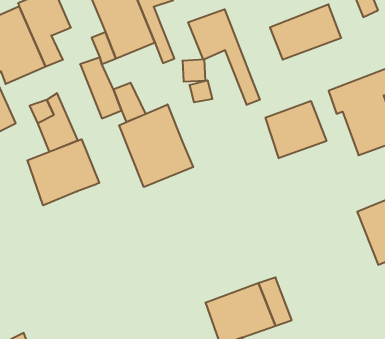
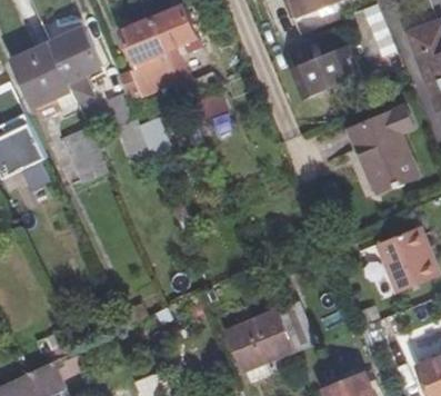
building: [188,9,260,105] -> none
building: [266,101,326,158] -> none
building: [119,104,193,187] -> none
building: [27,139,99,205] -> none

